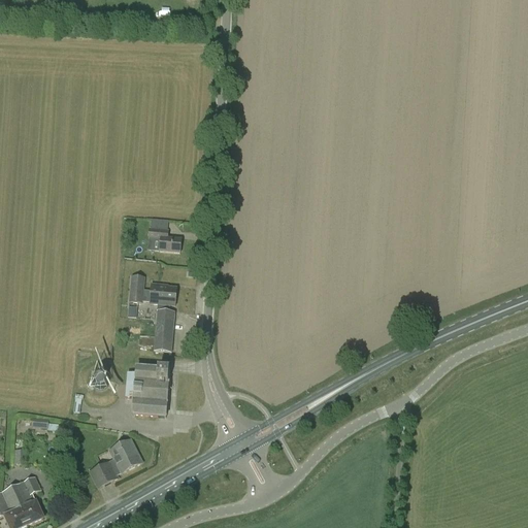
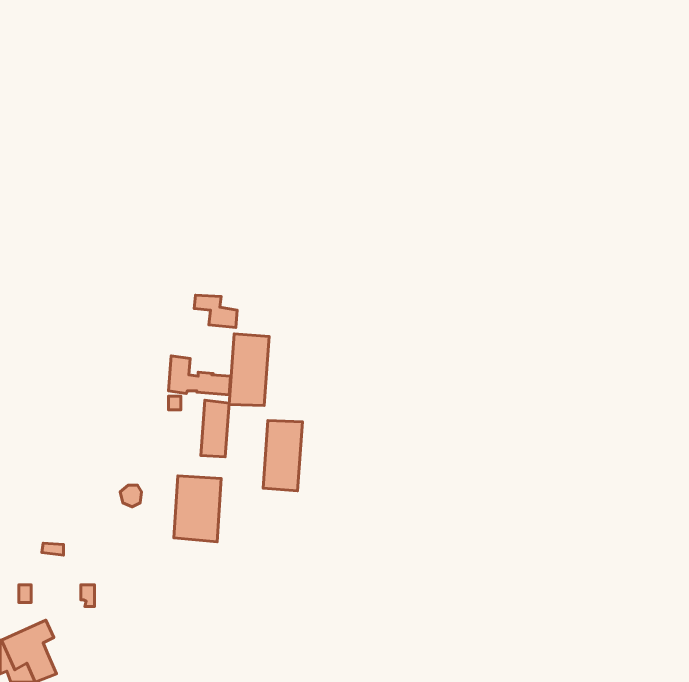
building: none -> [229,334,269,406]
building: none -> [263,421,302,491]
building: [89,437,143,487] -> none

